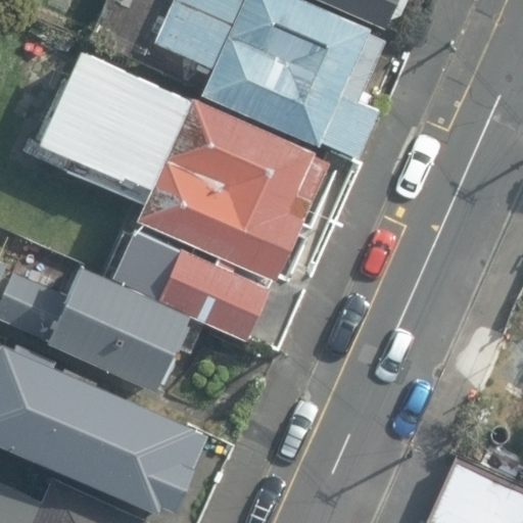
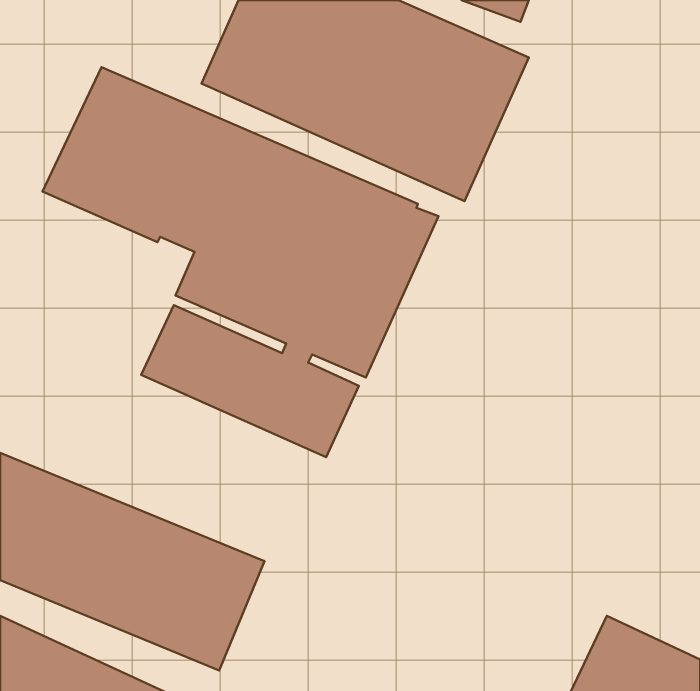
building: [7,262,181,381] -> none

